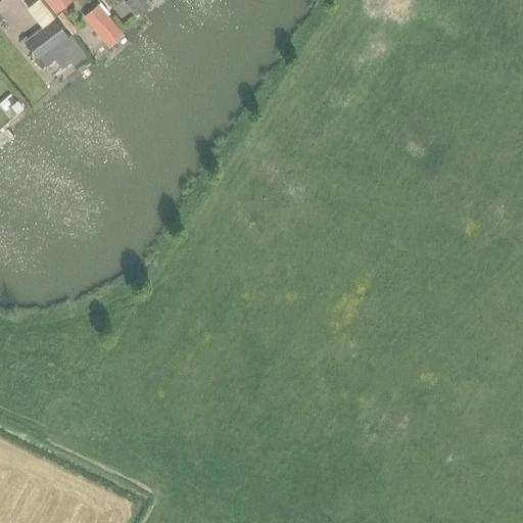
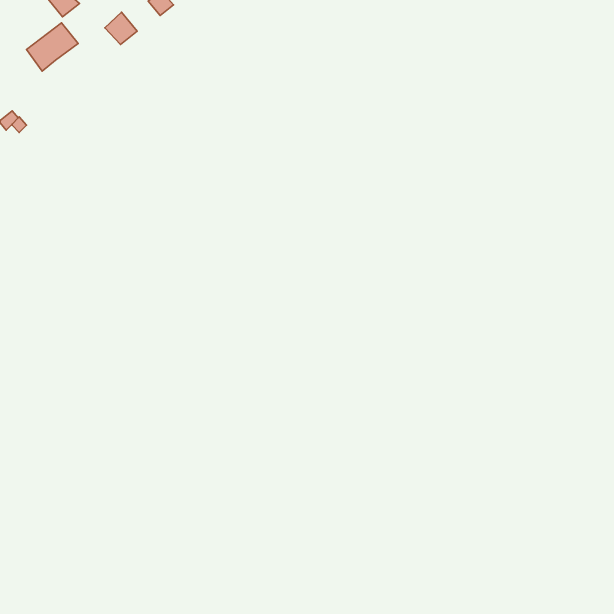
building: [48,34,88,69] -> none

